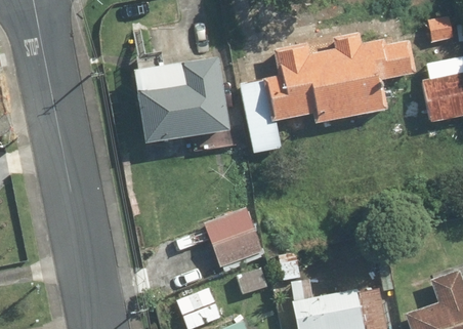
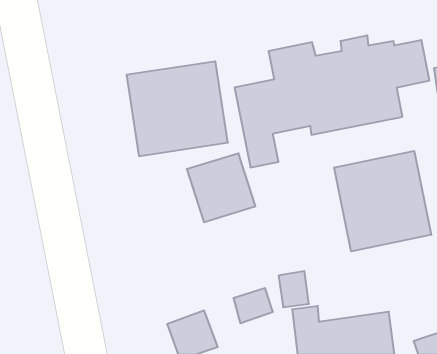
building: none -> [334,151,431,251]
building: [201,207,263,270] -> [187,153,255,222]

